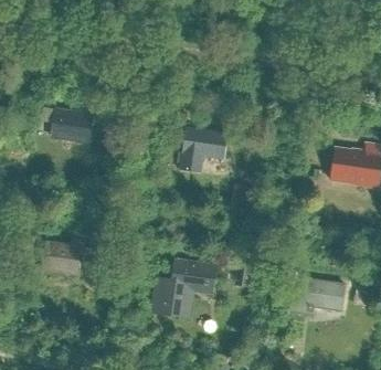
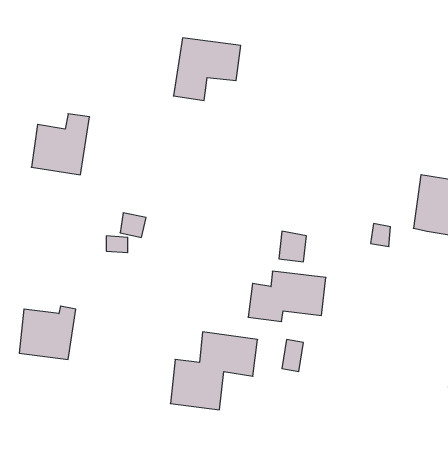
building: [180,127,229,172] -> [173,38,241,100]
building: [289,278,346,315] -> [248,271,326,322]

